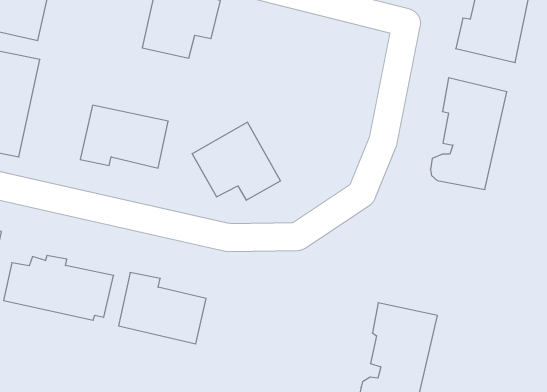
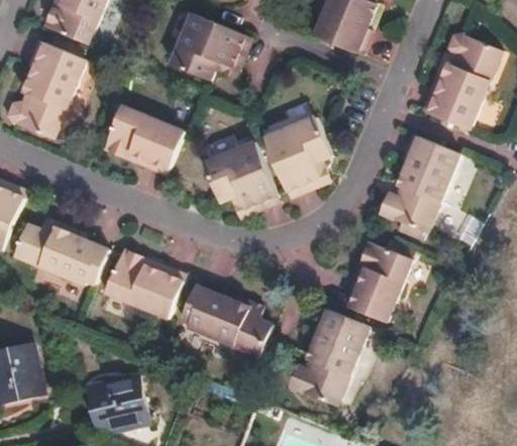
building: none -> [258,118,324,190]
building: none -> [353,245,415,324]
building: none -> [185,286,274,356]

